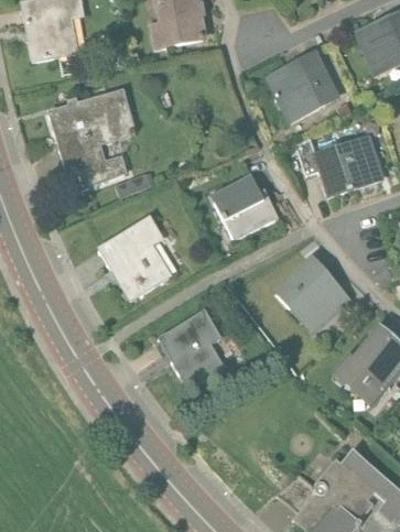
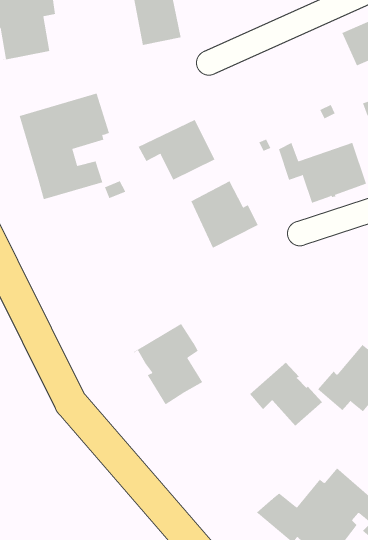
building: [268,54,337,110] -> none
building: none -> [138,119,215,180]
building: [98,217,170,300] -> none
building: [277,260,347,322] -> [249,362,323,426]

